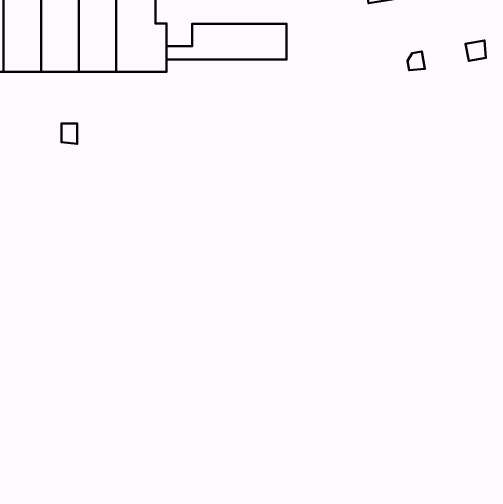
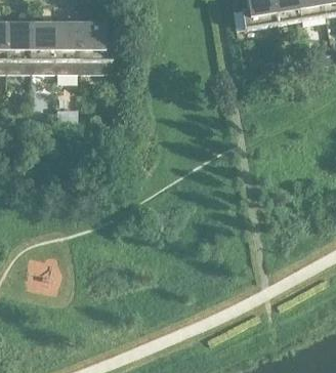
building: [166,24,286,59] -> none

